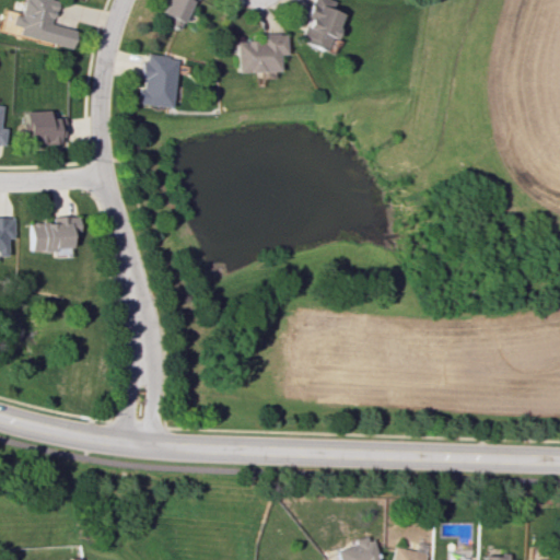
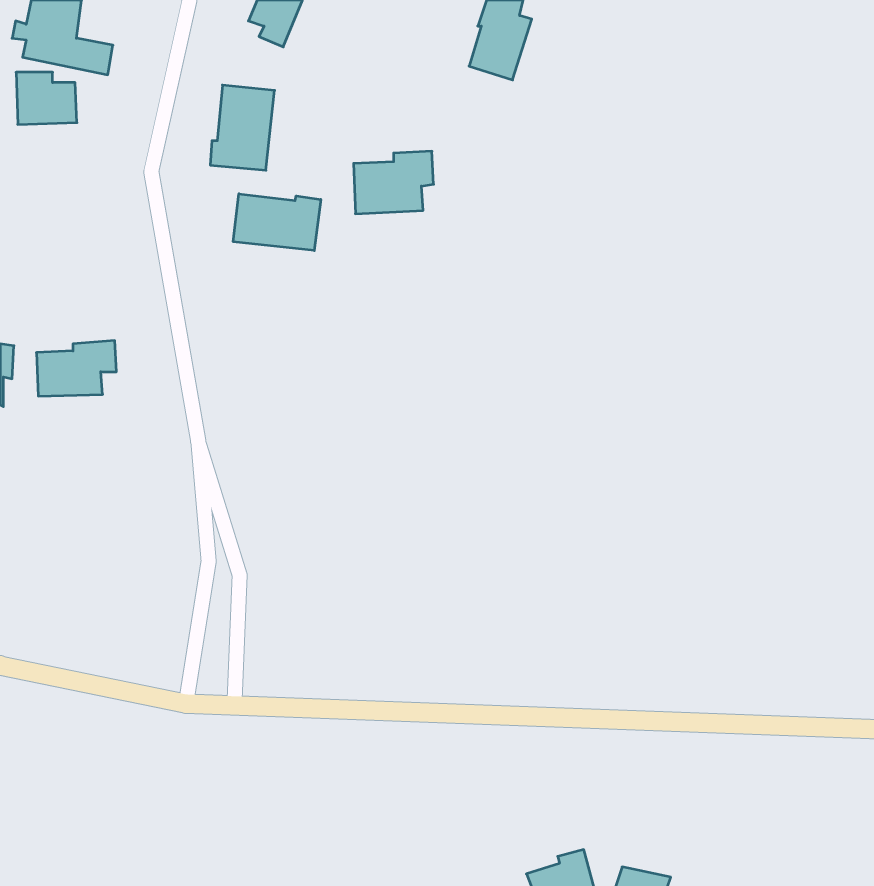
building: [240,34,290,73] -> [354,151,434,214]
building: [30,112,68,144] -> [16,72,77,124]
building: none -> [233,194,321,251]

